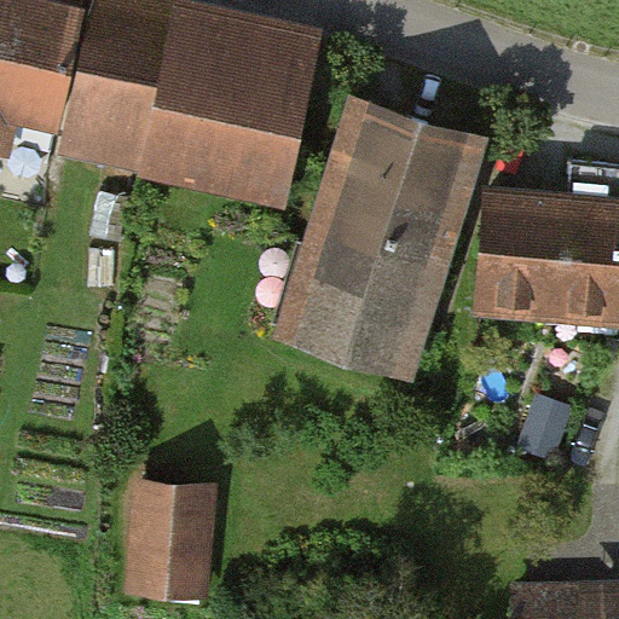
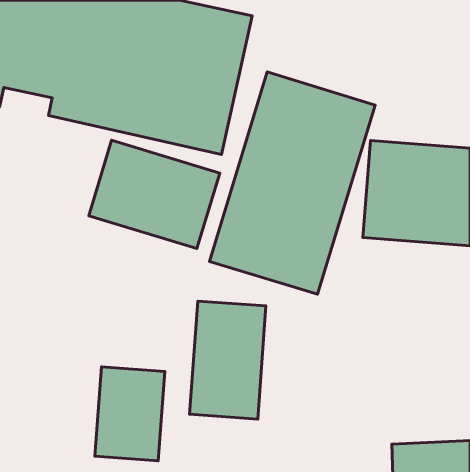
building: none -> [89,140,220,249]
building: none -> [190,301,266,419]

